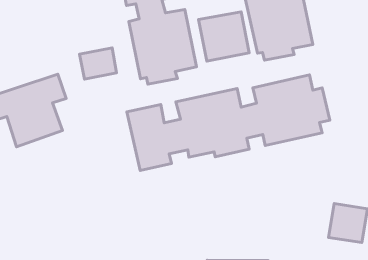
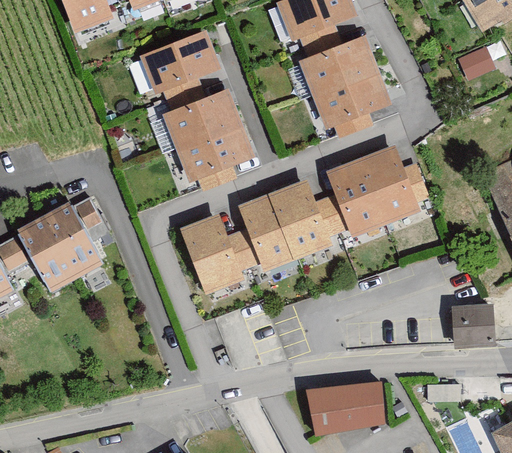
building: [198,12,249,61] -> none
building: [80,48,116,79] -> none

